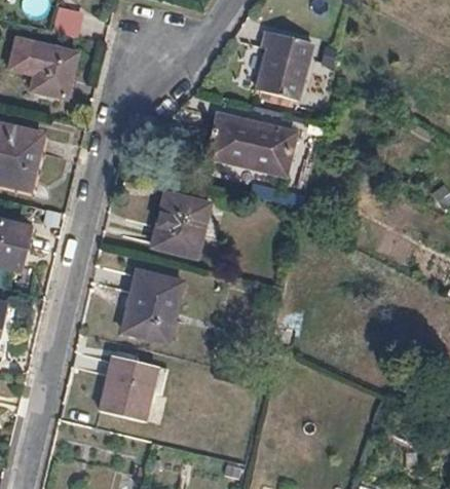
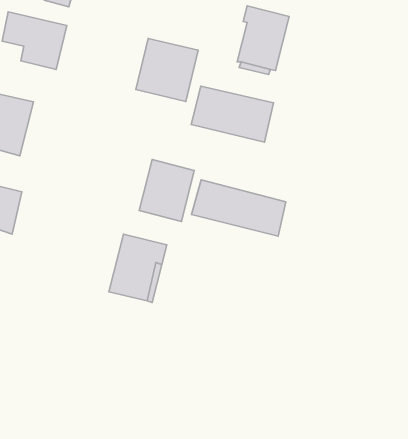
building: none -> [136,38,198,101]
building: none -> [192,180,286,236]
building: [102,356,157,419] -> none

